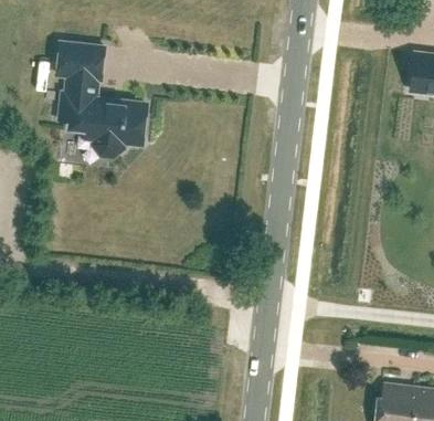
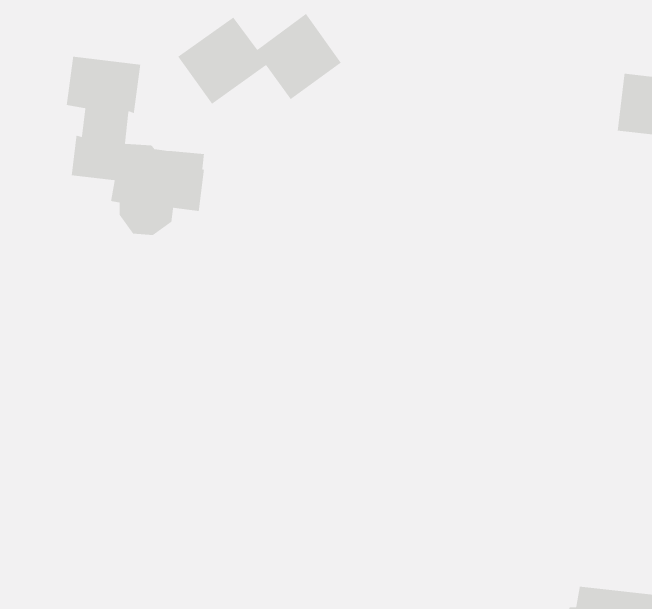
building: none -> [177,13,342,105]

